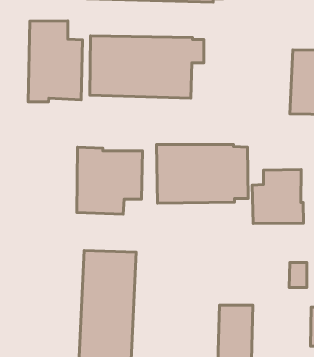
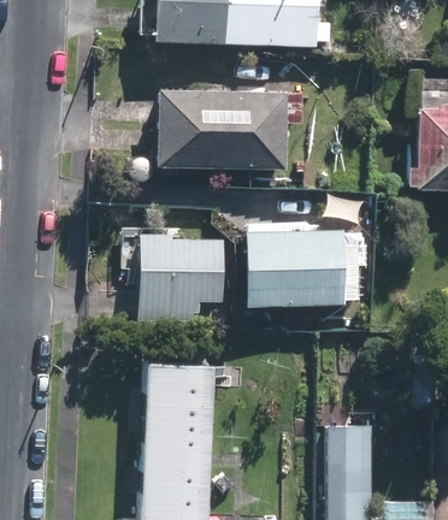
building: [28,21,82,102] -> none
building: [252,170,304,223] -> none

